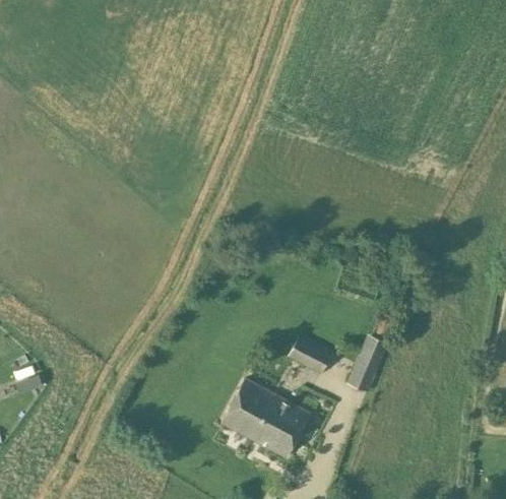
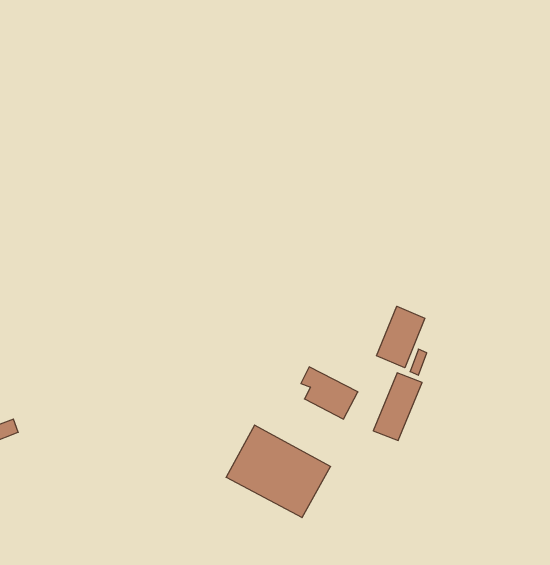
building: none -> [377,306,425,368]

